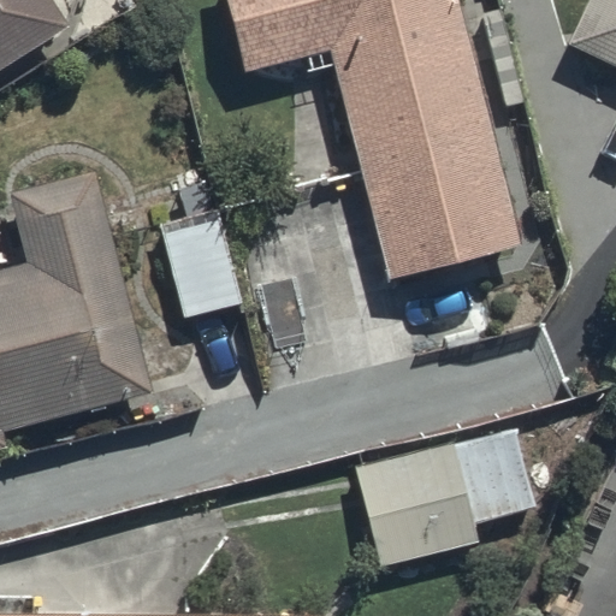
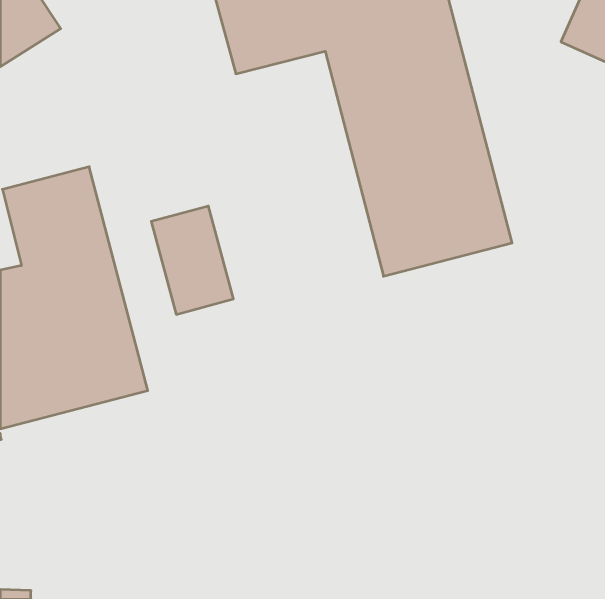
building: [350,419,534,567] -> none

